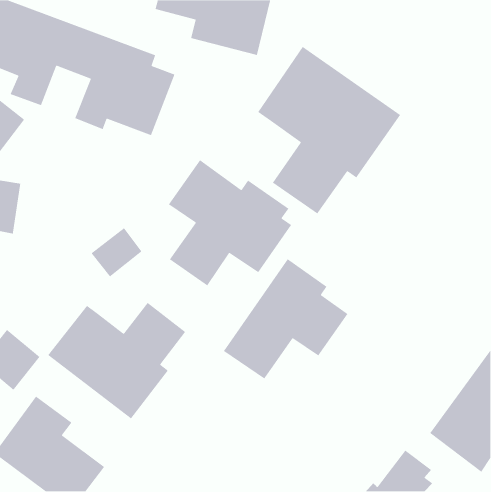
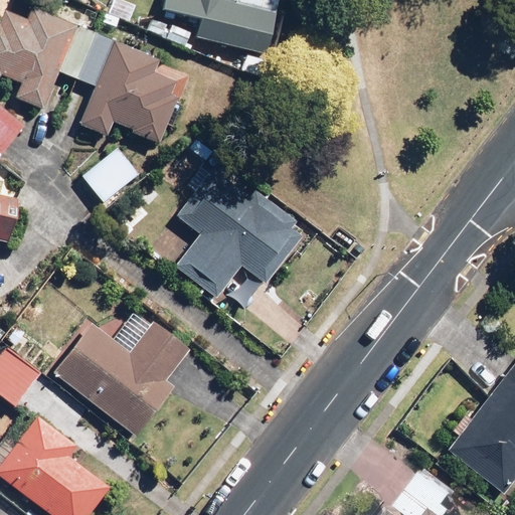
building: [257,46,401,215] -> none
building: [90,227,142,277] -> [84,149,139,201]
building: [223,258,348,379] -> none

